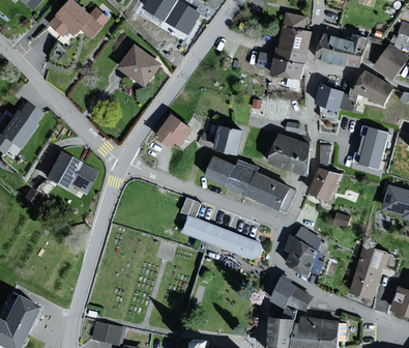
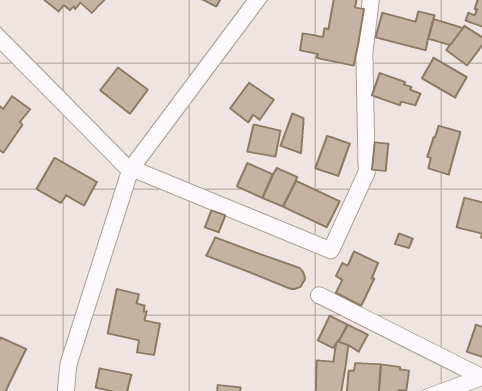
building: [121,48,159,85] -> [100,68,148,114]
building: [156,115,192,147] -> [230,83,274,122]
building: [289,142,308,174] -> [280,114,304,153]
building: [311,170,339,199] -> none
building: [351,248,390,297] -> none
building: none -> [108,289,160,355]

